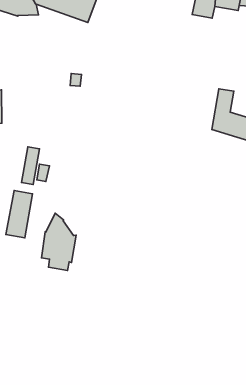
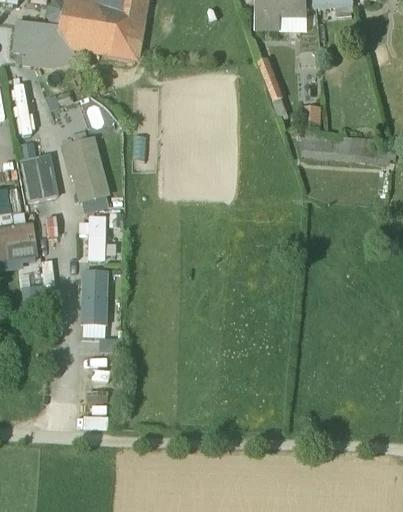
building: none -> [63,141,105,201]
building: [42,213,76,271] -> none

